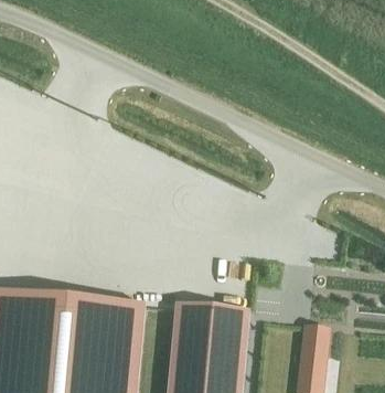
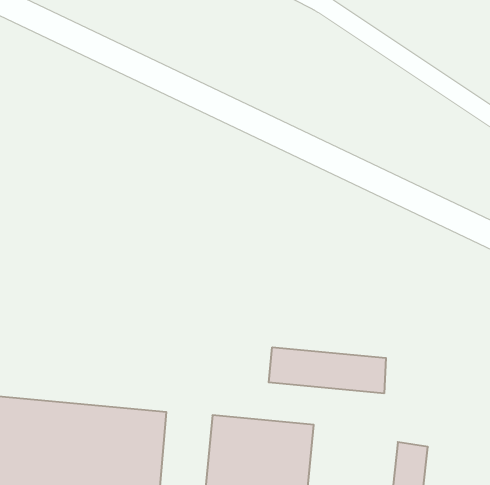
building: none -> [269,347,386,393]

